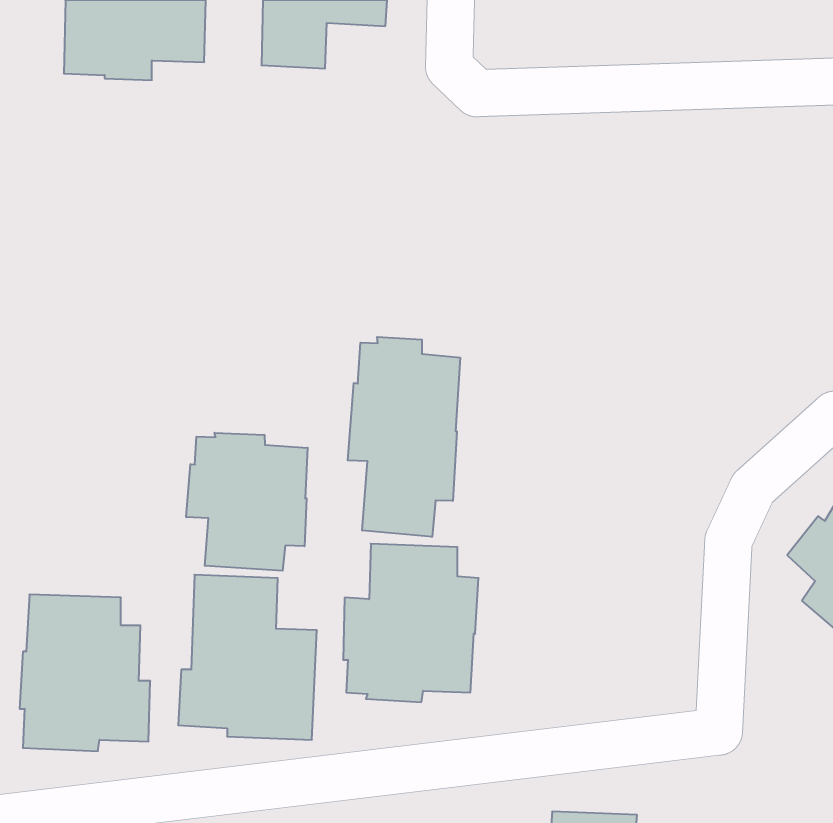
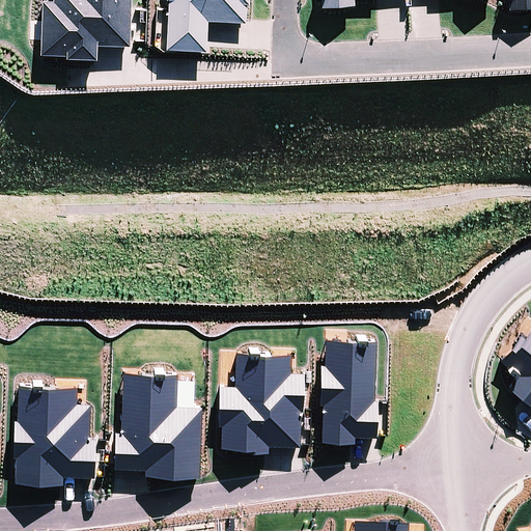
building: [348,337,460,537] -> none
building: [186,433,308,571] -> none
building: none -> [319,340,379,443]

